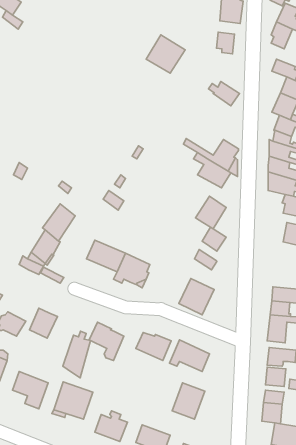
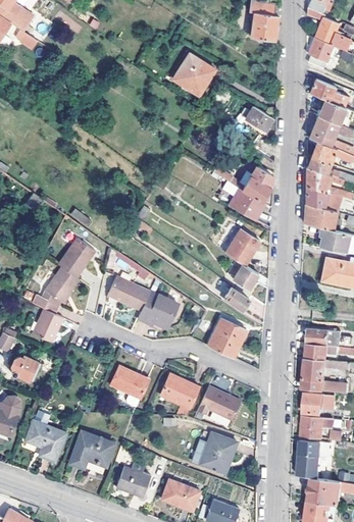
building: [216,32,234,54] -> none
building: [29,308,57,338] -> [33,309,63,342]
building: [63,331,91,378] -> none

